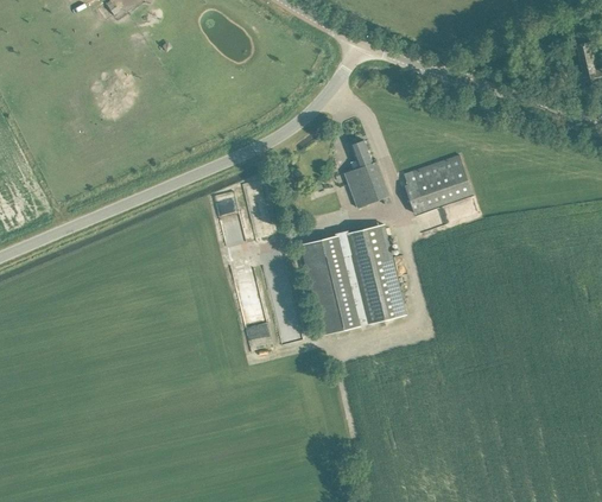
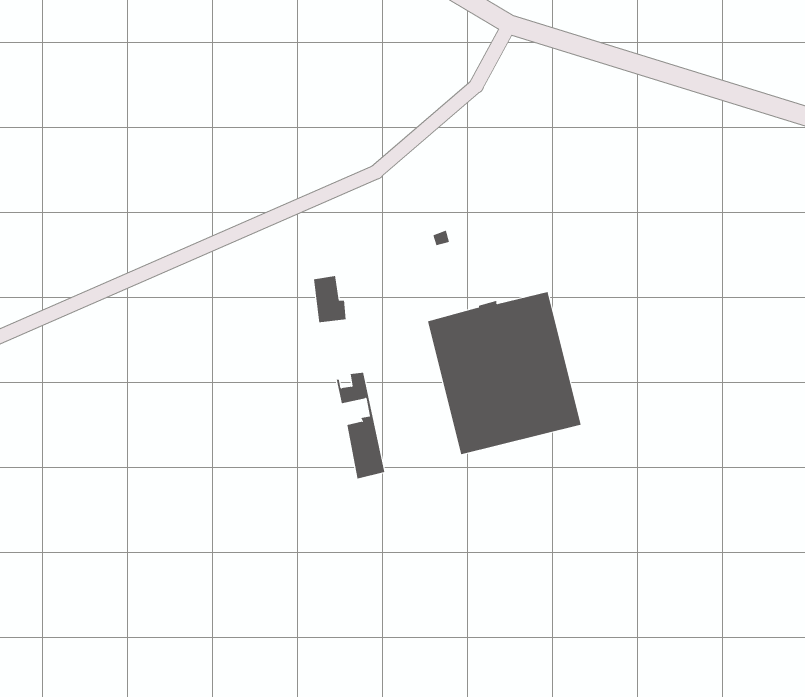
building: [343,140,391,208] -> none
building: [403,154,473,214] -> none

